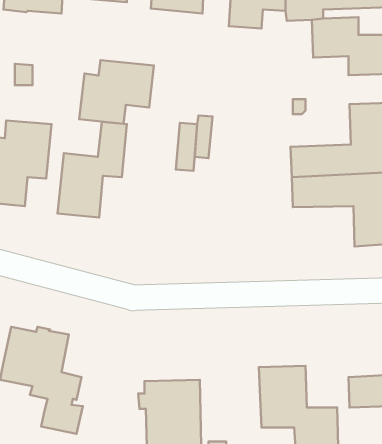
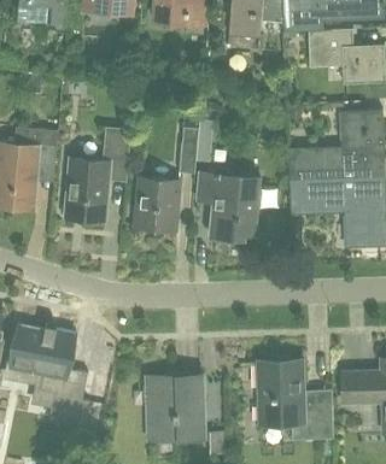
building: [79,60,154,124] -> none
building: none -> [197,171,259,235]
building: none -> [135,177,179,229]

